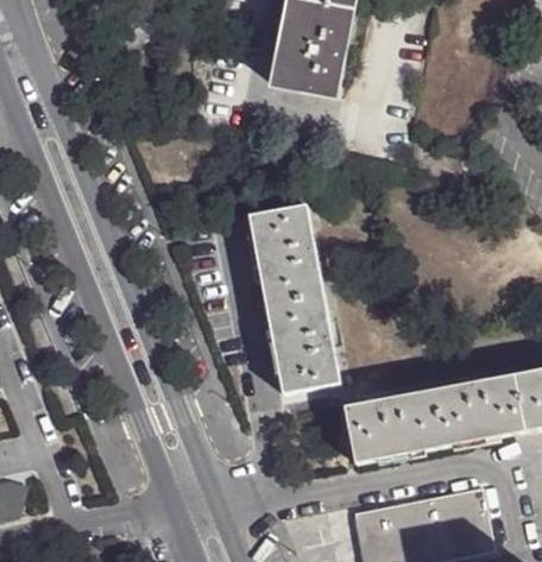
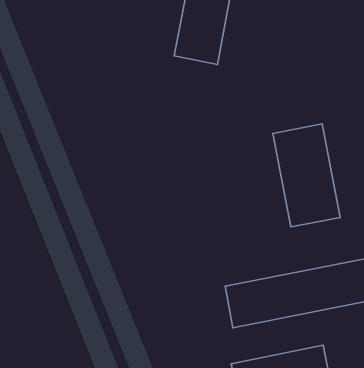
building: none -> [273,124,340,227]
building: [248,204,340,396] -> none

